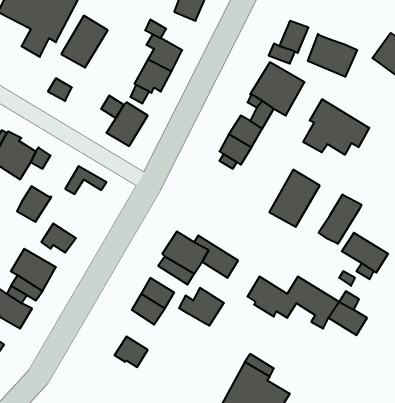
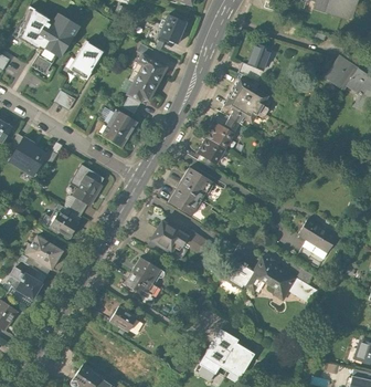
building: [308,34,357,77] -> none
building: [303,99,369,155] -> none
building: [269,170,320,227] -> [168,168,210,216]
building: [17,186,51,222] -> [72,176,100,206]
building: [319,194,361,244] -> none
building: [179,288,224,326] -> none

